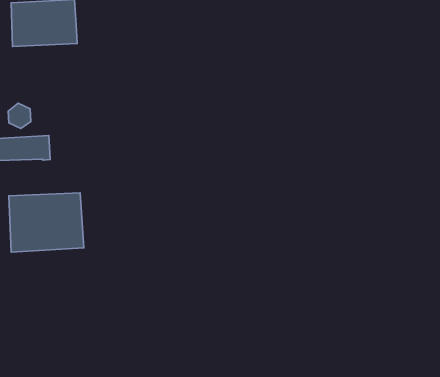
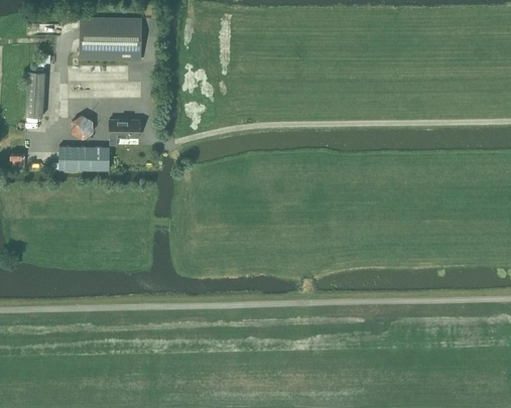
building: none -> [109,120,139,137]
building: [9,193,84,252] -> none

